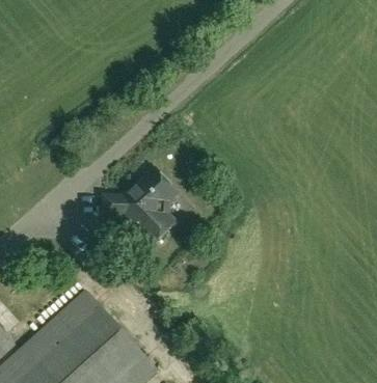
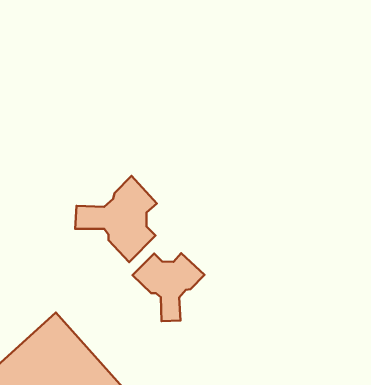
building: none -> [133,253,205,321]

